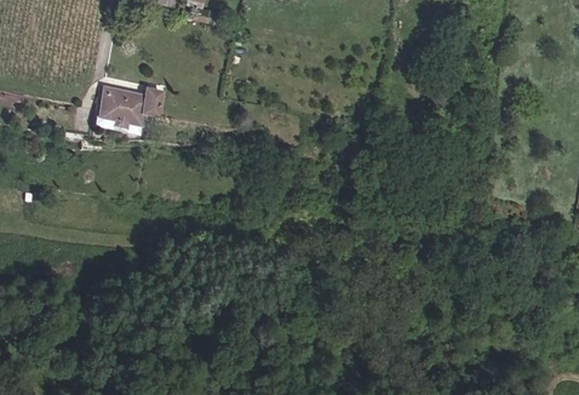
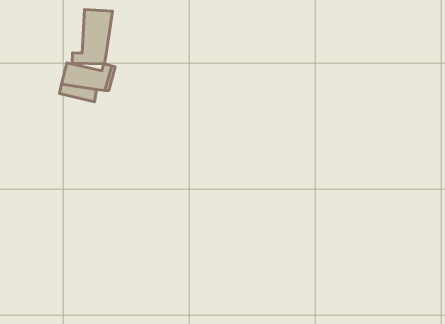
building: none -> [72,10,113,64]

